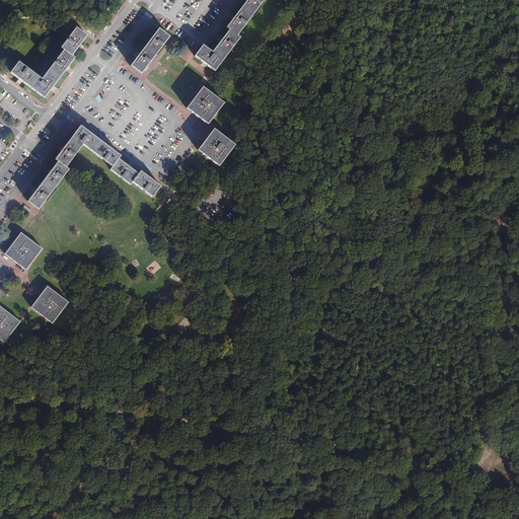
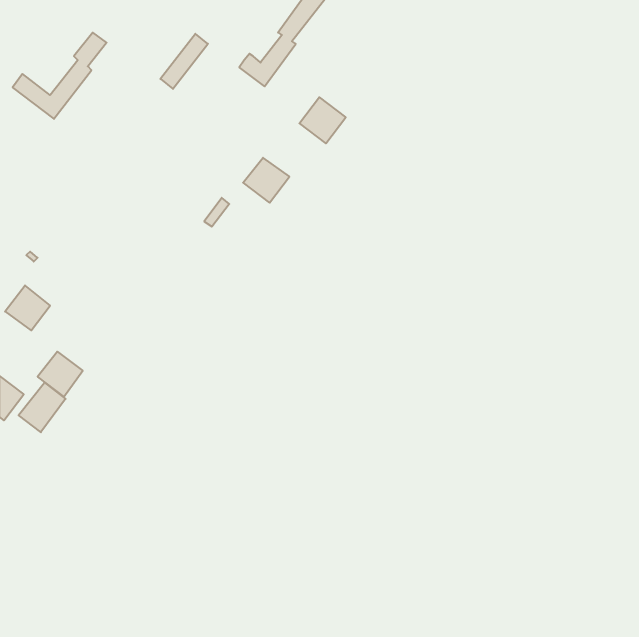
building: [186,85,223,123] -> [299,97,346,143]
building: [26,124,159,208] -> none
building: none -> [19,383,66,432]

